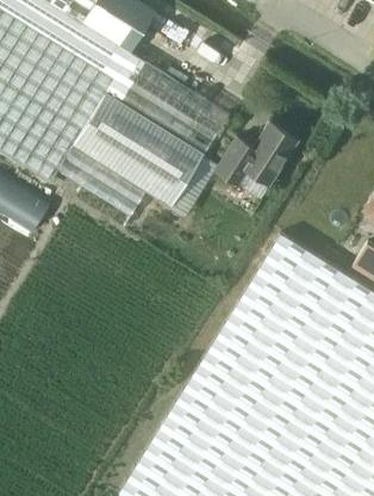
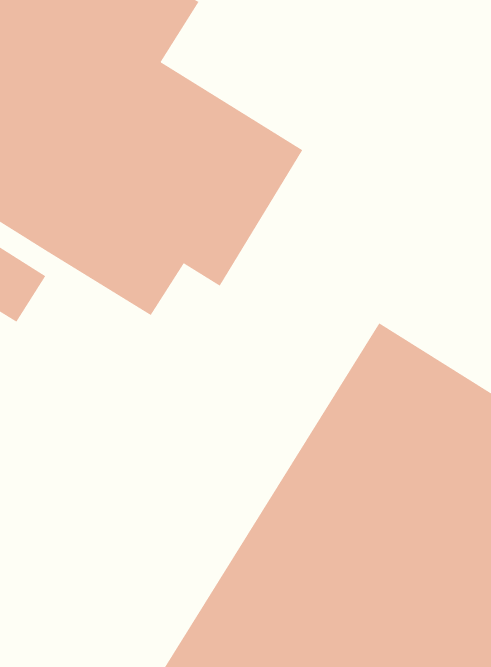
building: [214,122,298,198] -> none

